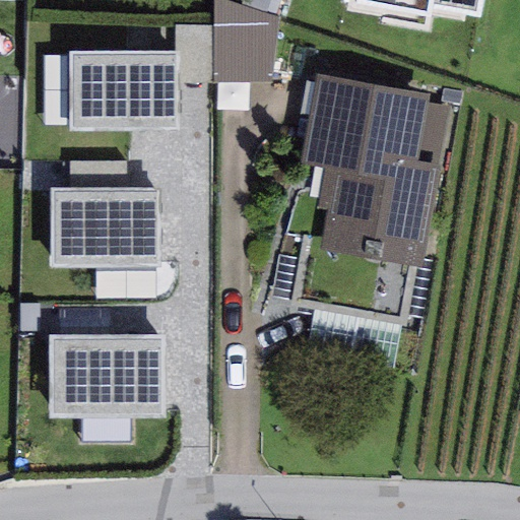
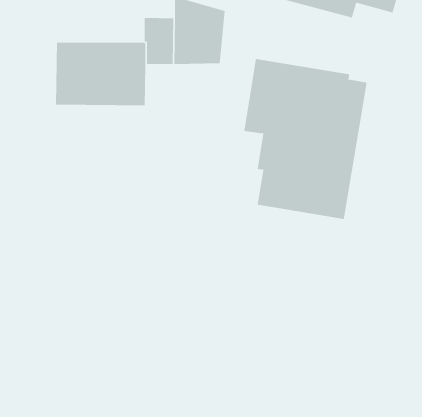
building: [51,189,158,267] -> none
building: [48,334,164,416] -> none

